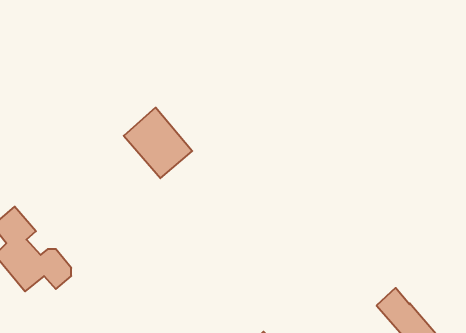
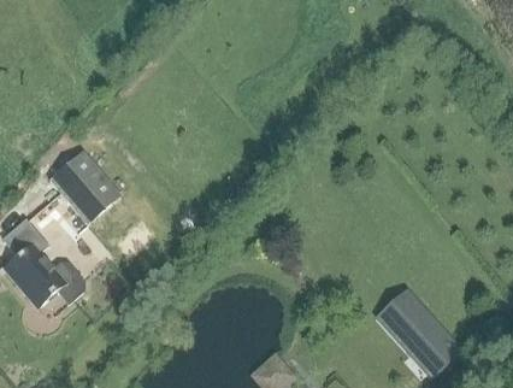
building: [124,108,192,178] -> [49,149,119,222]

